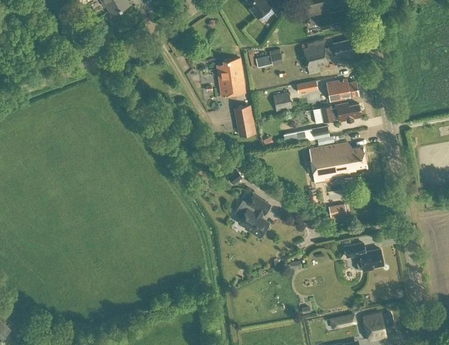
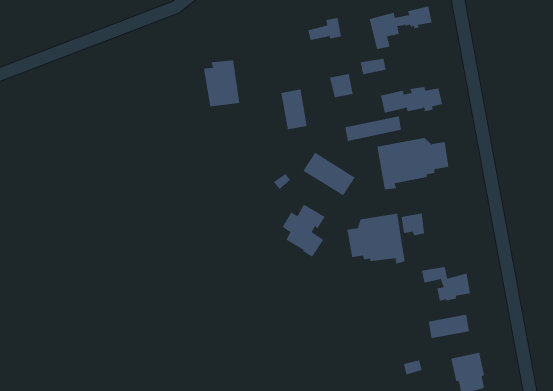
building: [216,58,245,95] -> [203,60,240,107]
building: [326,78,359,101] -> none
building: none -> [303,152,355,196]
building: none -> [347,213,405,265]
building: none -> [428,314,470,339]

